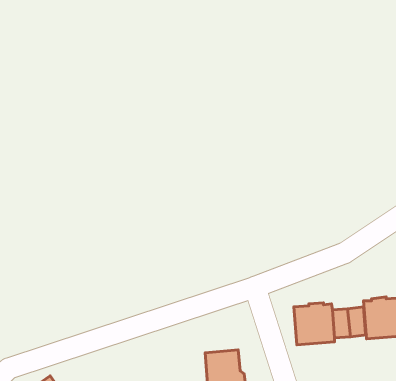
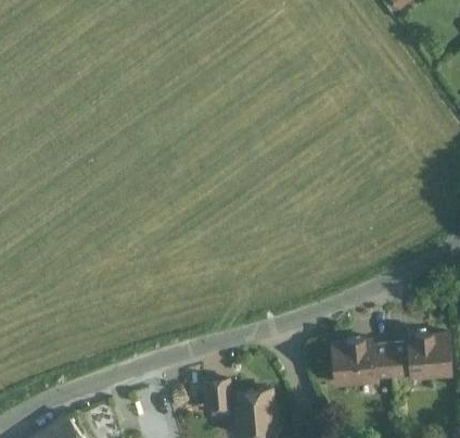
building: none -> [207,381,233,410]

